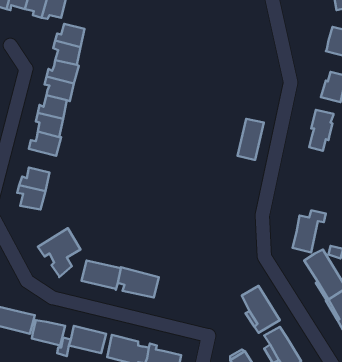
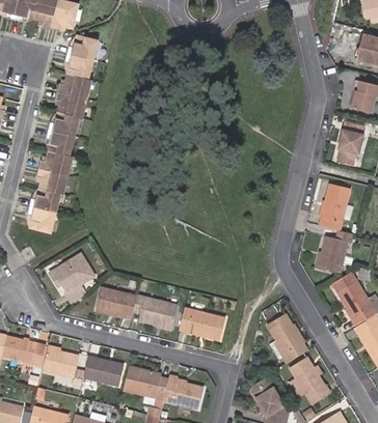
building: [238,119,264,160] -> [321,190,349,233]
building: none -> [35,168,68,194]
building: none -> [179,306,225,338]

